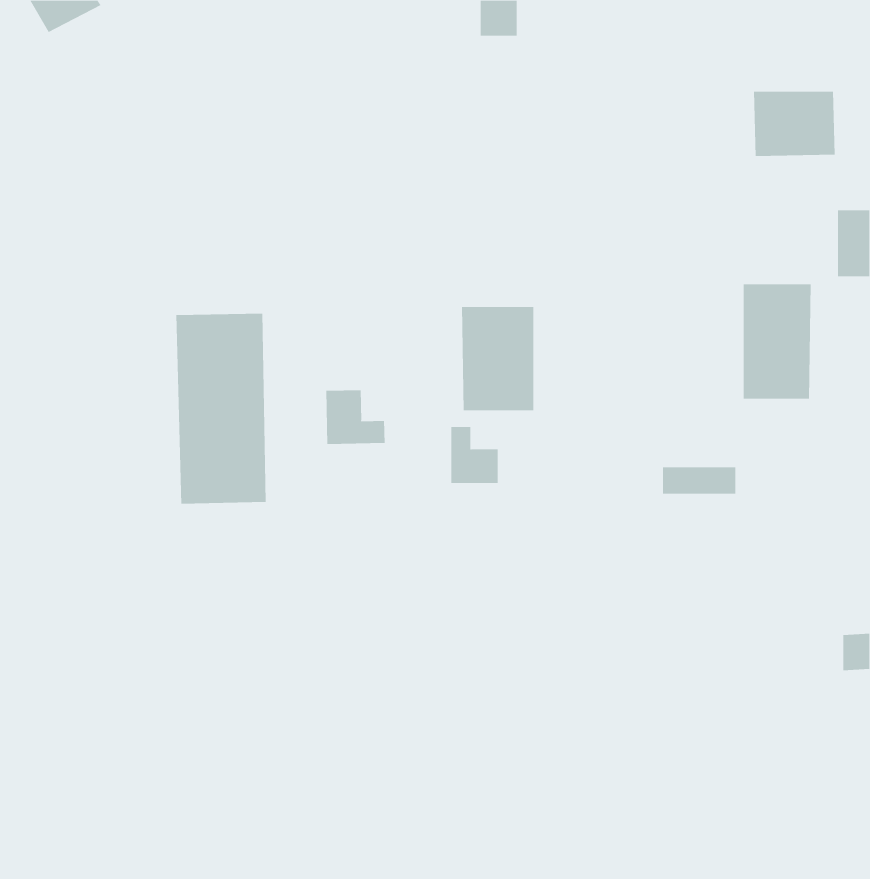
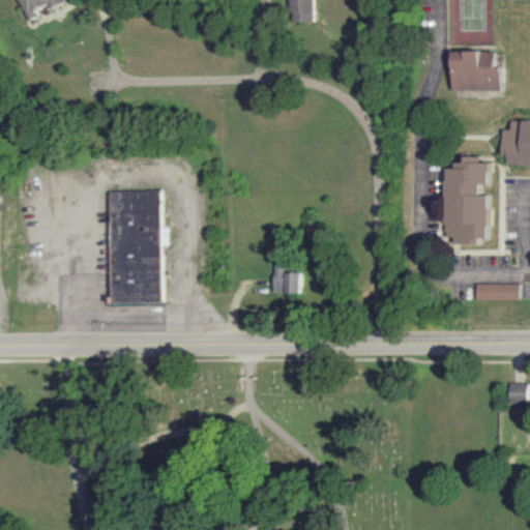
building: [461,306,534,411] -> none
building: [326,390,385,445] -> none
building: [662,467,736,494] -> [471,282,516,298]

